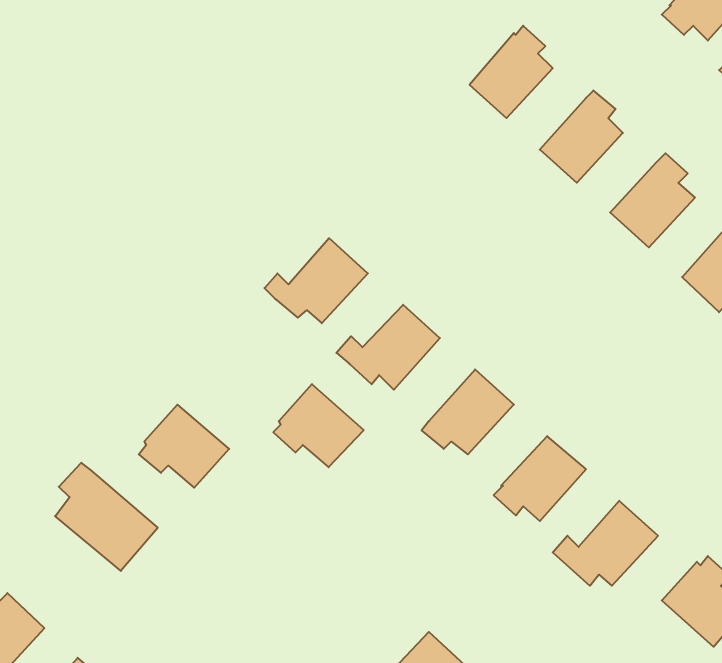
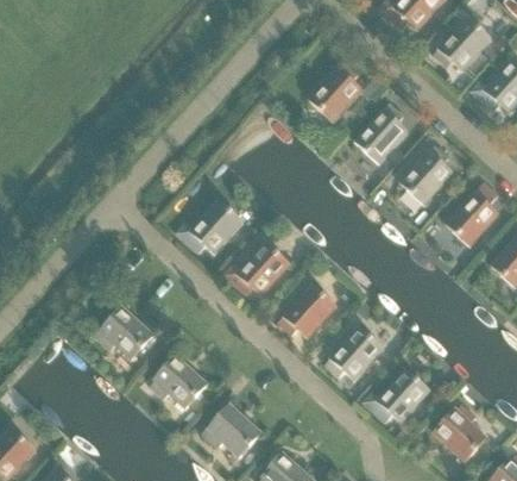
building: [273,384,364,467] -> [149,355,207,408]
building: [55,463,158,571] -> none
building: none -> [202,404,260,457]

